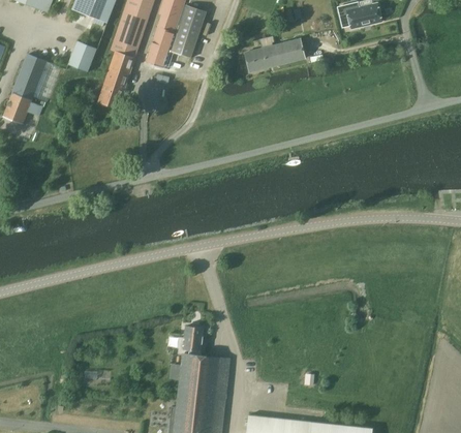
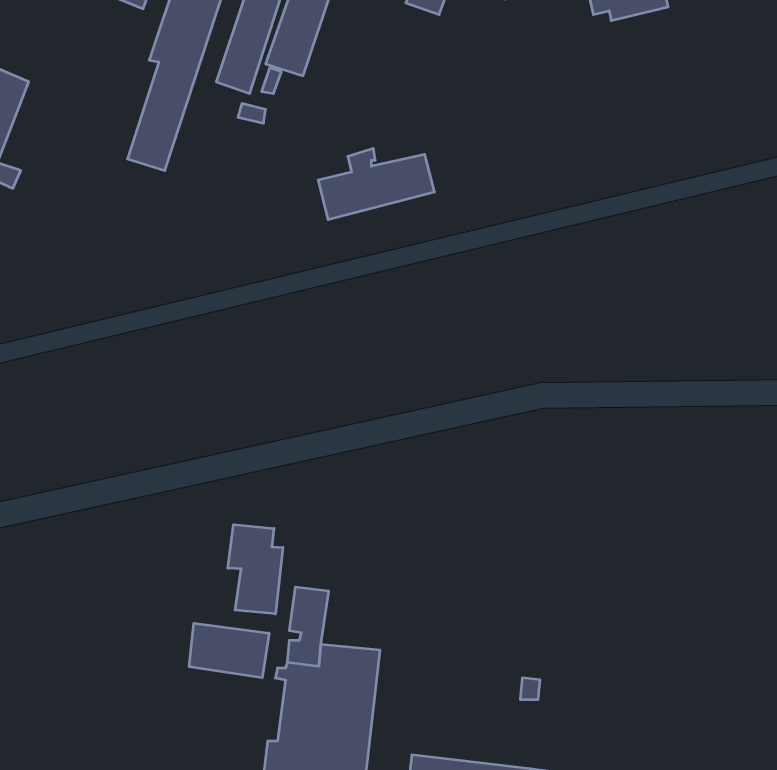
building: [244,35,305,72] -> [318,148,435,220]
building: [68,40,97,72] -> none
building: none -> [228,525,283,614]
building: none -> [189,623,269,678]

